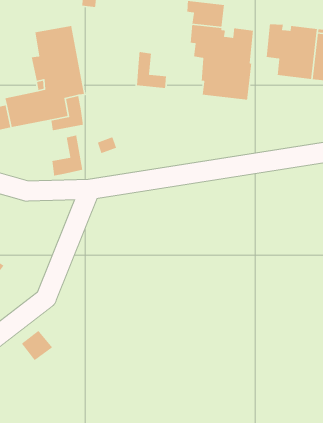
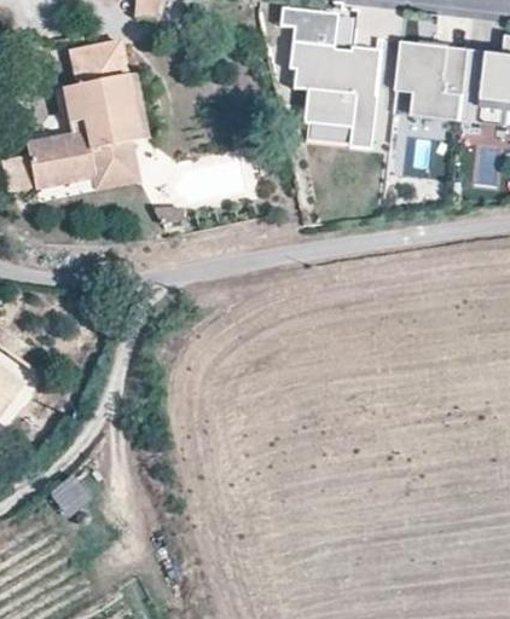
building: [136,51,167,89] -> none
building: [51,135,83,176] -> none

